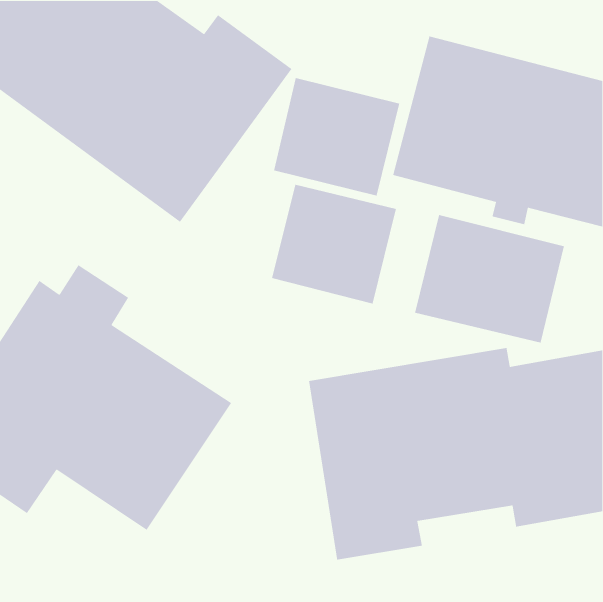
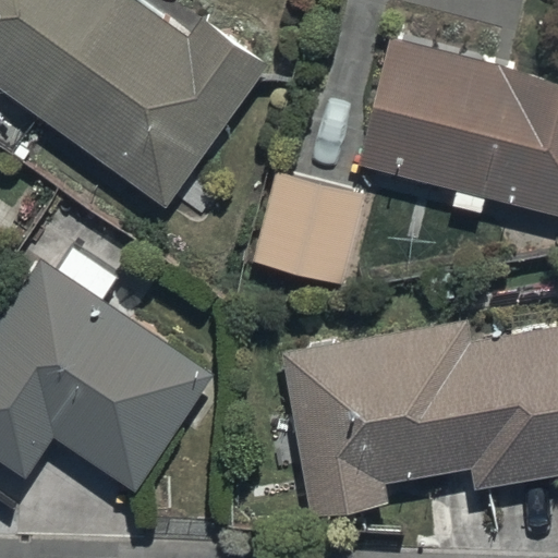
building: [273,77,400,196] -> none
building: [414,214,565,344] -> none

